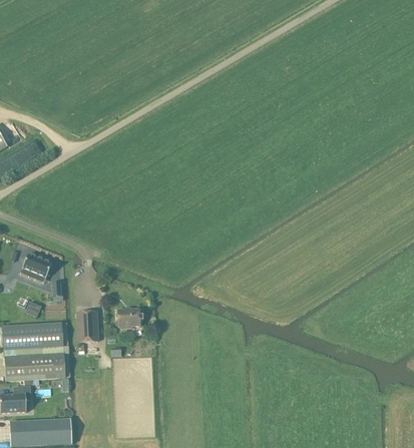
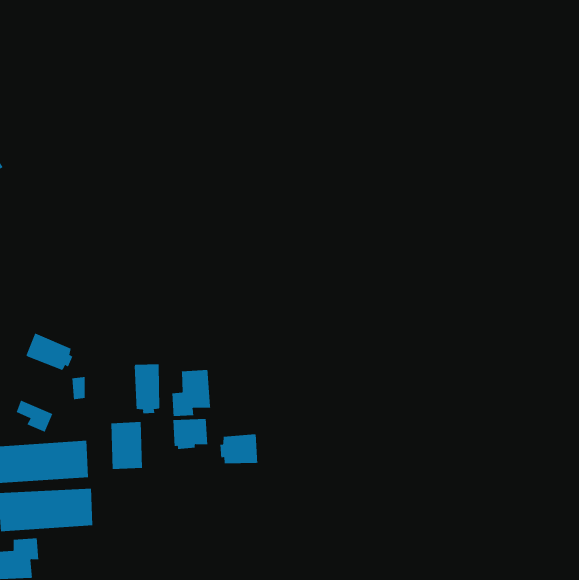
building: none -> [134,364,161,414]
building: none -> [172,369,211,417]
building: none -> [220,434,258,466]

